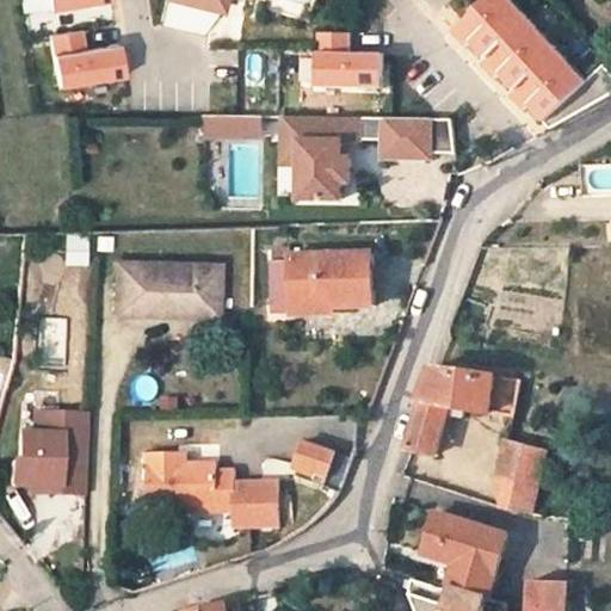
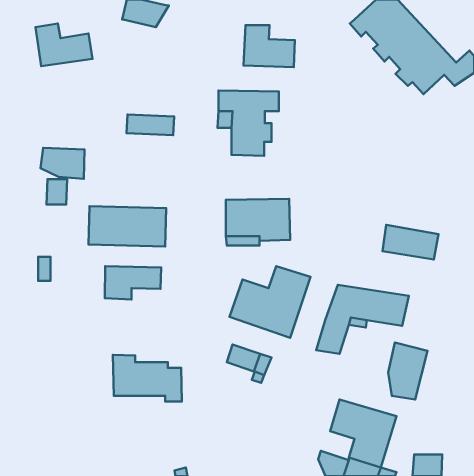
building: [202,116,263,142] -> [127,115,174,135]
building: [359,119,450,165] -> none
building: none -> [41,148,85,179]
building: none -> [230,266,310,338]
building: none -> [105,266,161,299]
building: [6,412,82,492] -> none
building: [235,479,283,529] -> none

